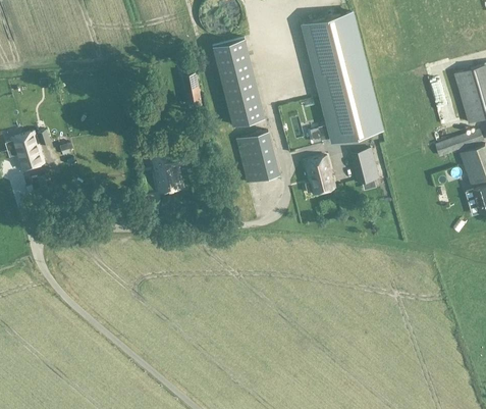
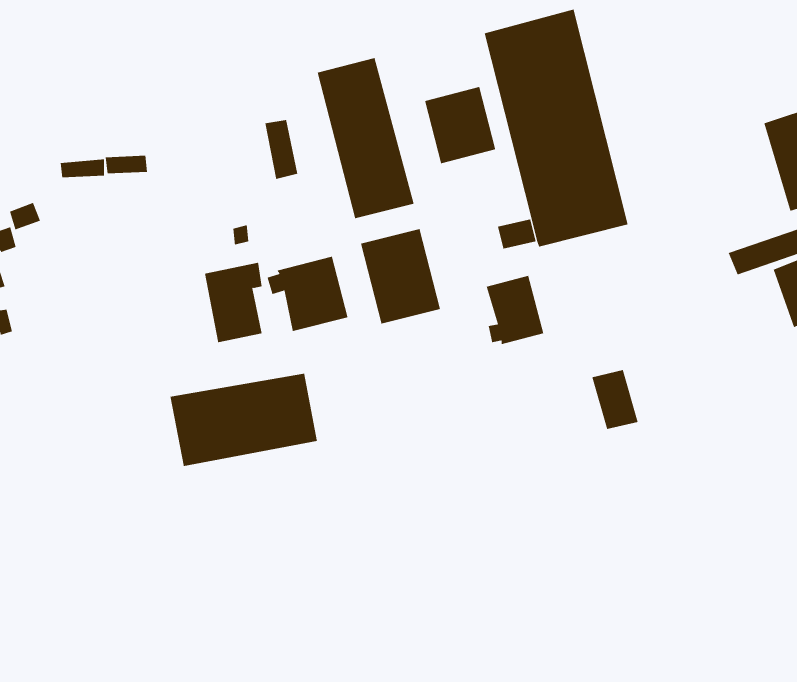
building: none -> [424,86,496,164]
building: none -> [267,256,348,332]
building: [355,151,380,184] -> [592,370,639,430]
building: none -> [170,373,317,467]

